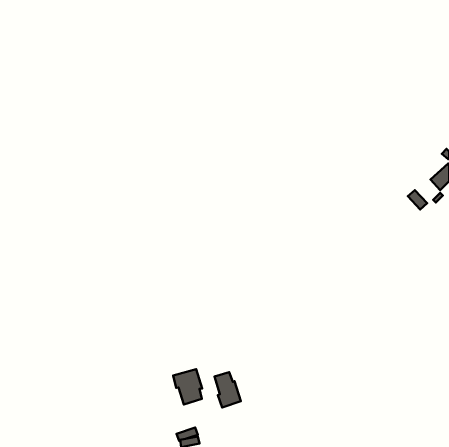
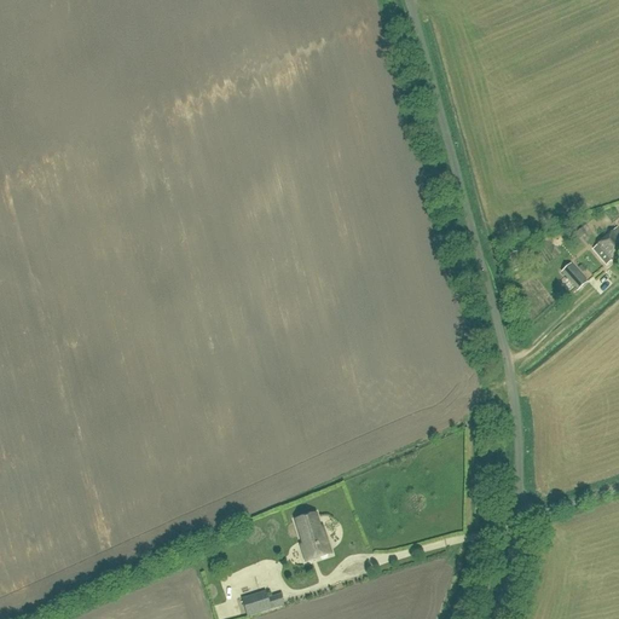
building: [173,369,202,404] -> none

